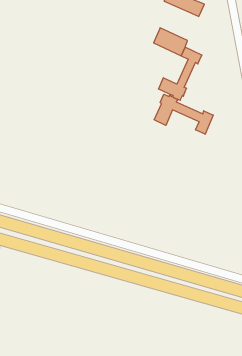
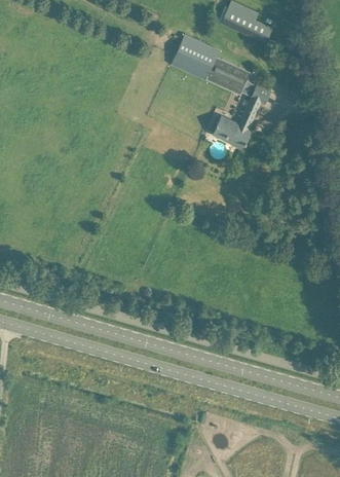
building: none -> [174,35,220,77]
building: [154,94,213,134] -> none

